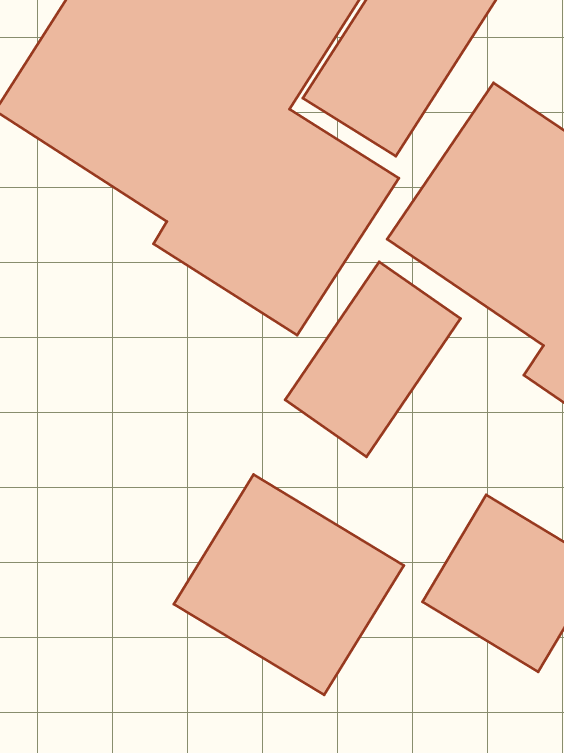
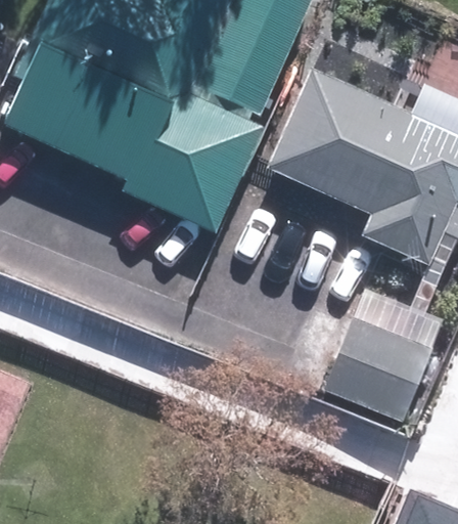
building: [285,262,461,457] -> none
building: [174,475,404,695] -> none

